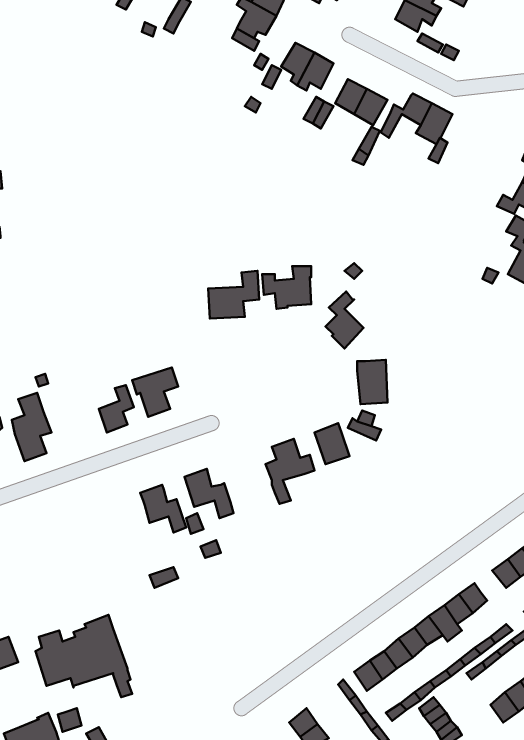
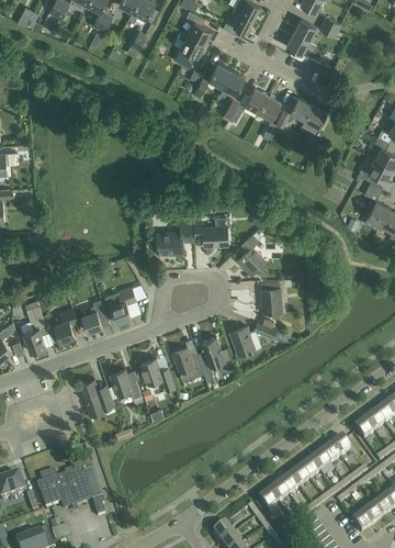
building: none -> [54,309,77,342]
building: none -> [172,347,203,382]
building: none -> [79,380,114,414]

